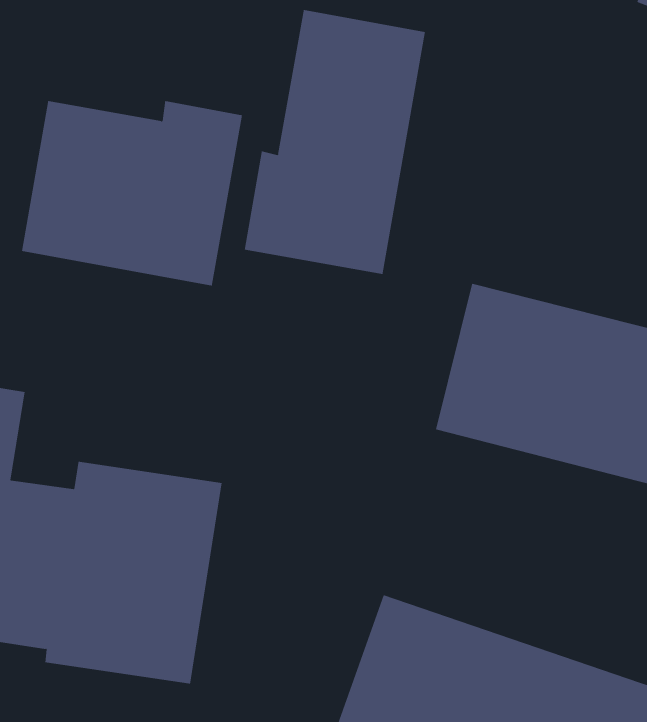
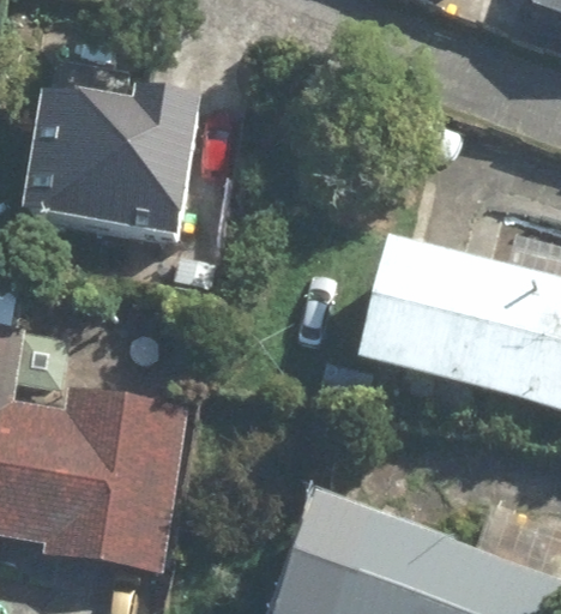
building: [244,9,426,275] -> none

